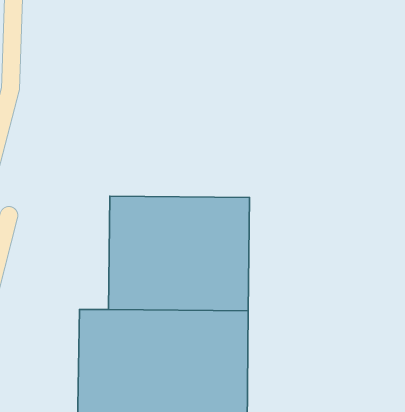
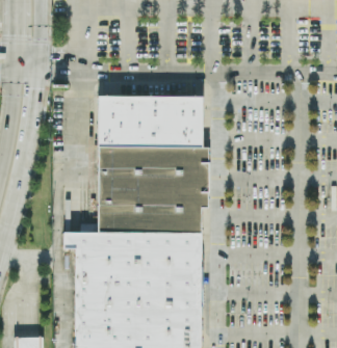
building: none -> [99,95,205,150]

